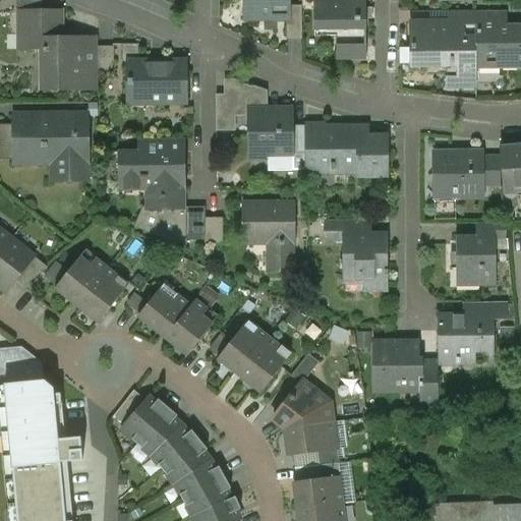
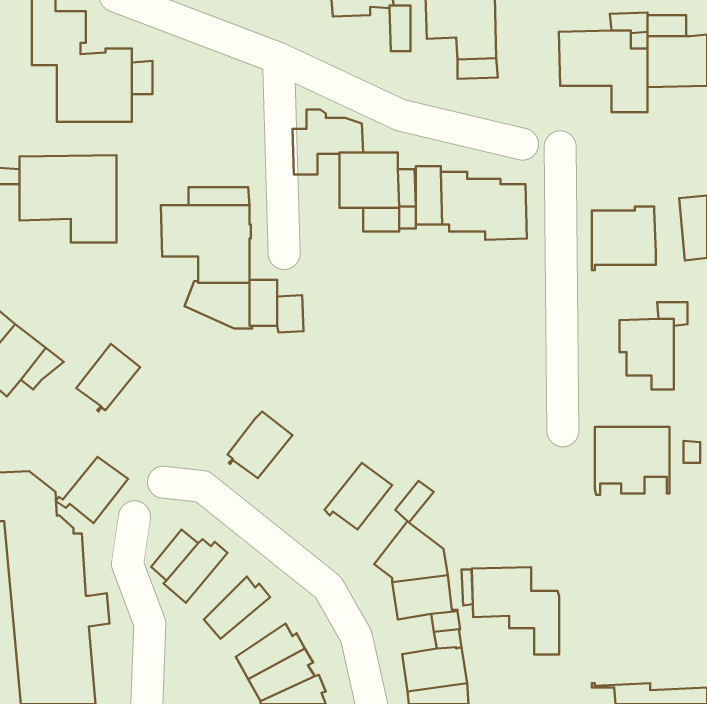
building: [127,61,182,101] -> none
building: [480,155,499,185] -> none
building: [241,201,293,272] -> none
building: [324,219,388,289] -> none
building: [72,270,125,319] -> [56,457,128,523]
building: [139,286,187,340] -> none
building: [462,301,506,319] -> none
building: [219,323,266,374] -> none
building: [373,342,438,406] -> [472,567,559,654]
building: [136,406,181,455] -> none
building: [162,439,210,482] -> none

